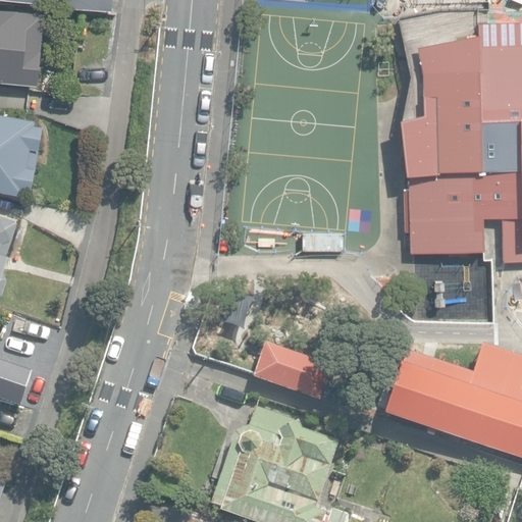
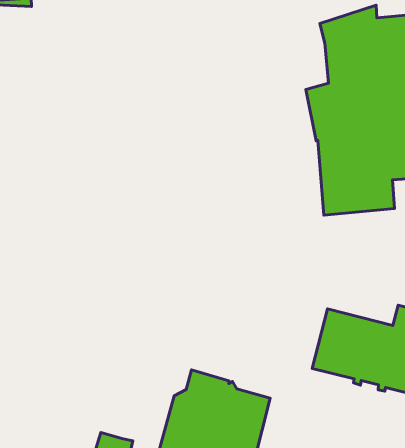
building: [254,344,328,400] -> none

